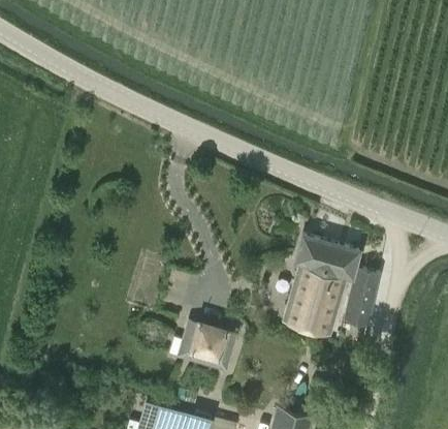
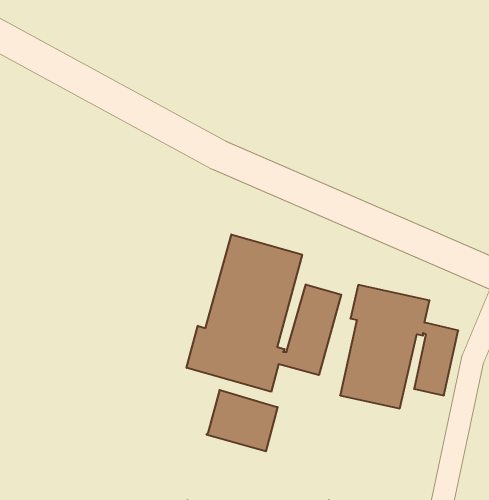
building: none -> [187,234,341,392]

